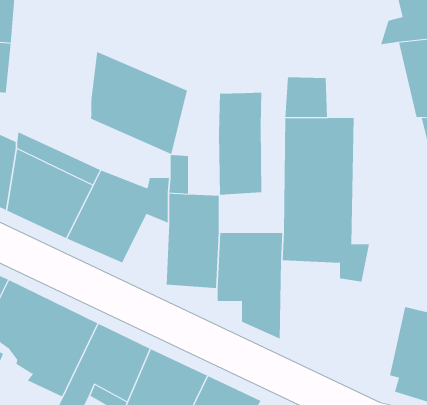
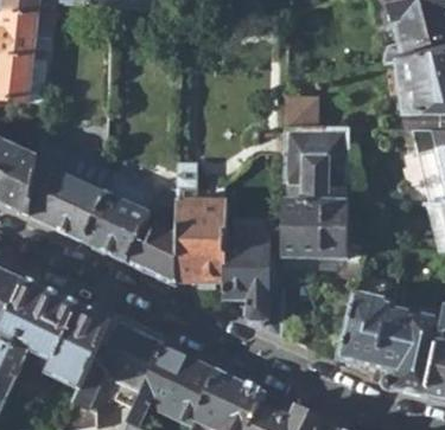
building: [91,51,187,155] -> none
building: [219,92,262,195] -> none
building: none -> [135,218,178,283]
building: none -> [342,288,399,367]

